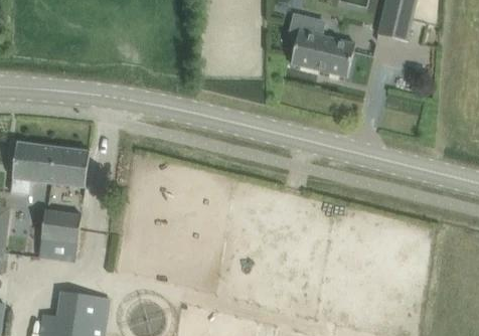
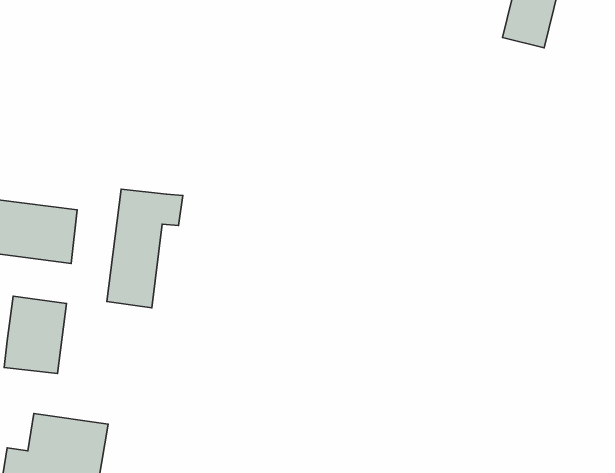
building: [288,15,354,77] -> none
building: none -> [107,189,183,308]

